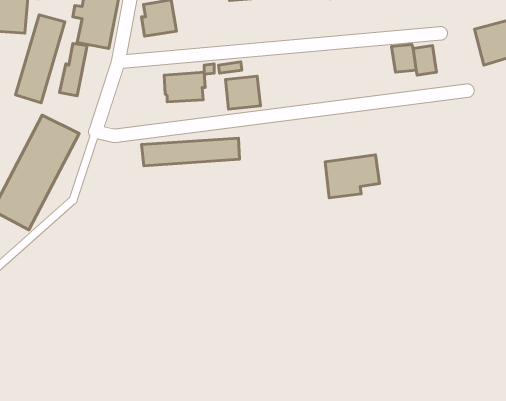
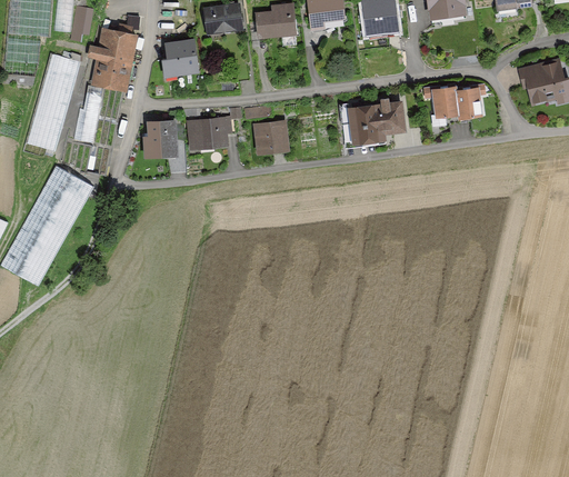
building: none -> [143,120,178,158]
building: [142,138,239,166] -> none
building: [325,155,379,198] -> [348,99,407,146]

